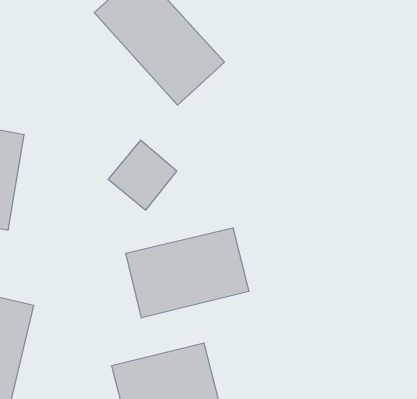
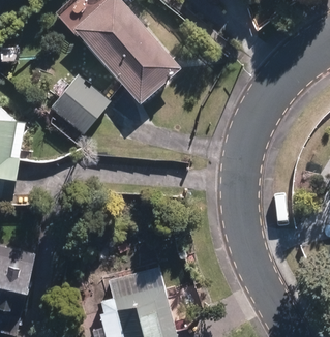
building: [108,140,177,210] -> [53,76,106,130]
building: [126,228,249,318] -> none

